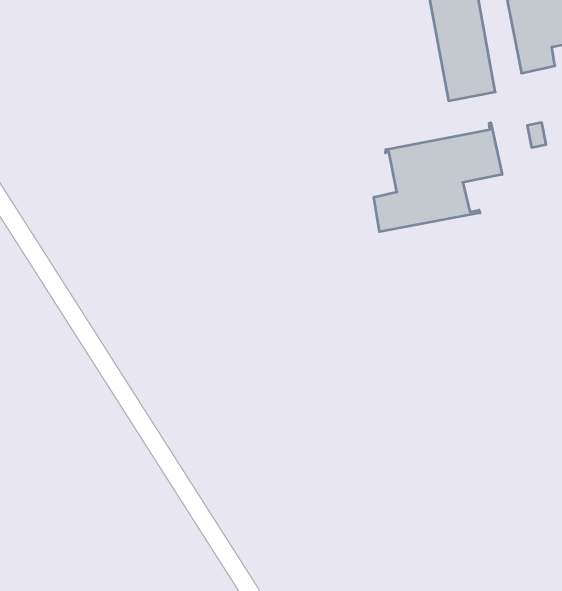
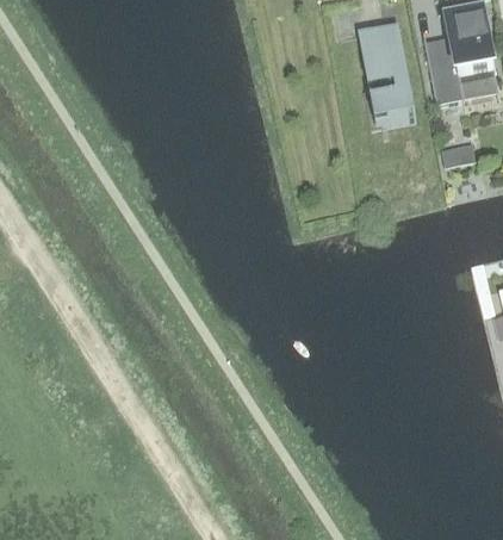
building: [374,123,502,232] -> none

